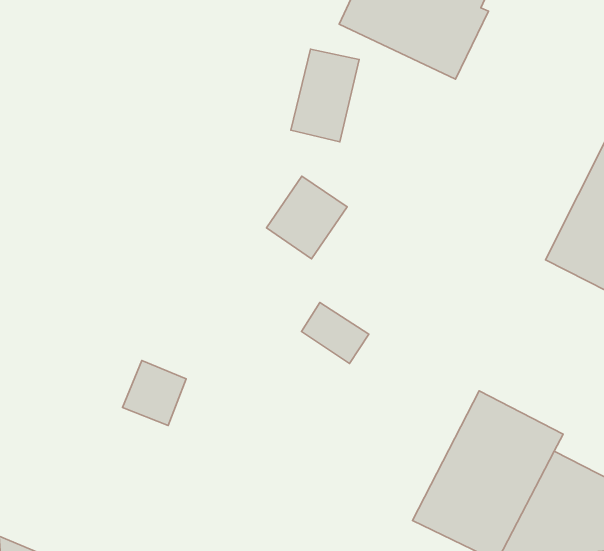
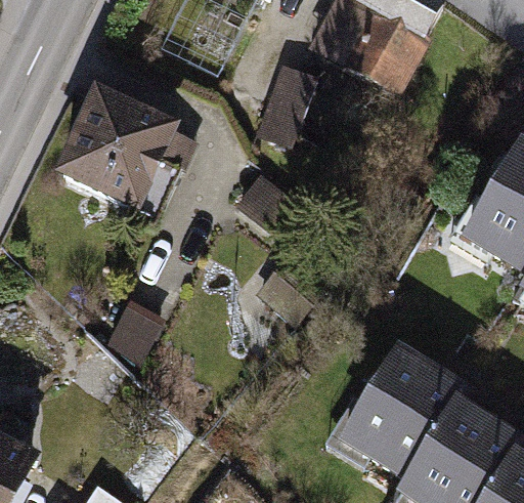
building: none -> [51,86,196,224]

